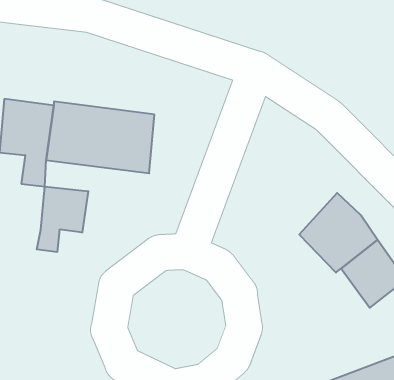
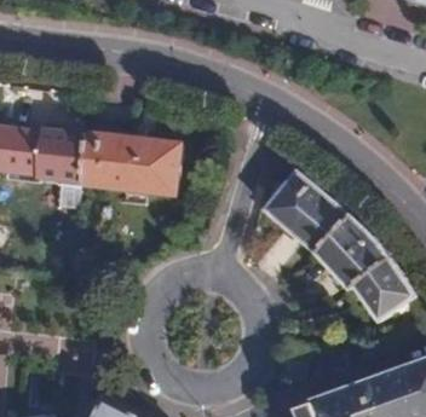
building: none -> [263,170,347,253]
building: [37,186,88,252] -> none

